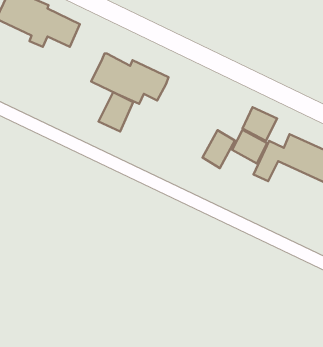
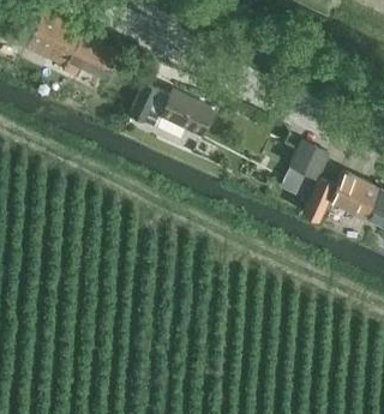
building: [99,92,133,131] -> none
building: [202,130,235,168] -> none

